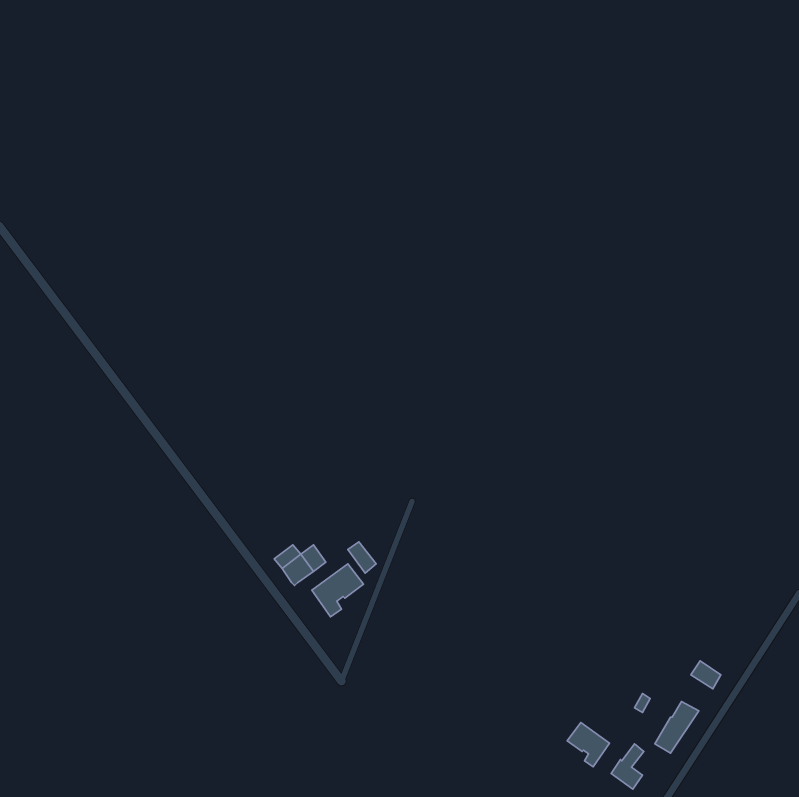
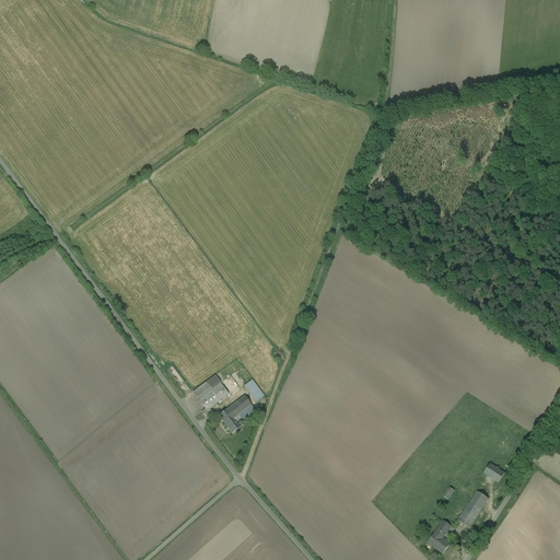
building: [567,723,609,767] -> none

